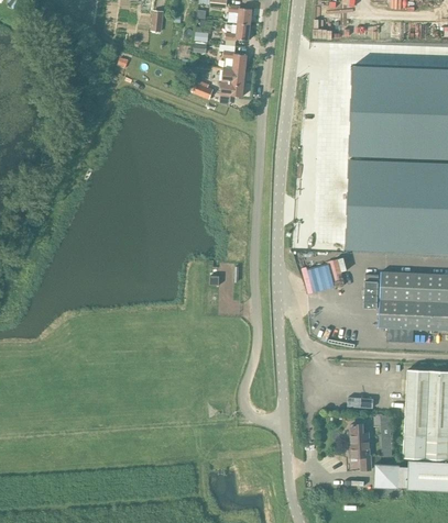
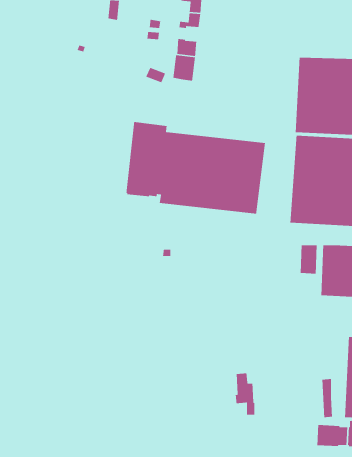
building: none -> [125,121,266,214]
building: [348,423,370,469] -> [235,372,255,416]

